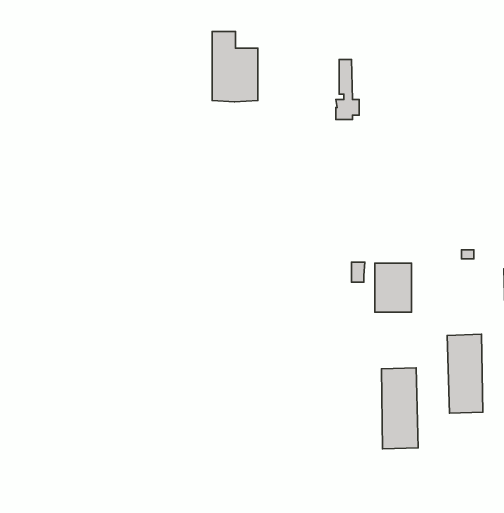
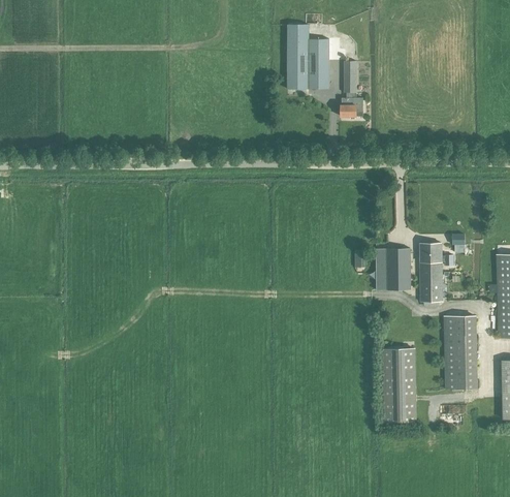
building: [212,32,258,102] -> [286,23,328,88]
building: none -> [418,242,451,301]

